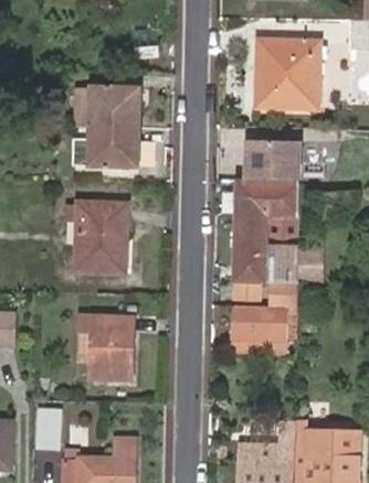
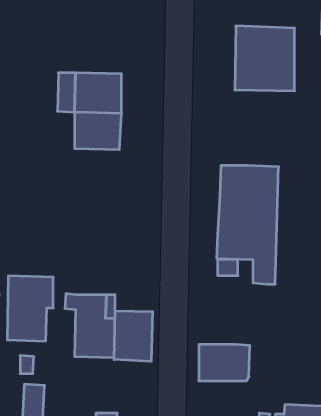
building: [245,140,299,180] -> none
building: [76,203,124,270] -> [7,276,53,341]
building: [235,304,288,342] -> [199,345,250,381]
building: none -> [114,311,153,361]

